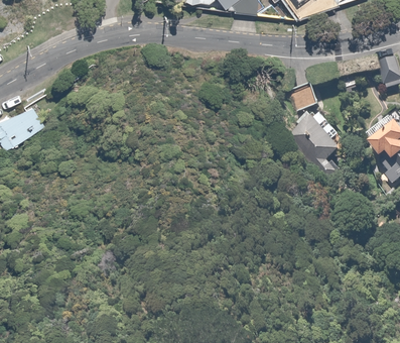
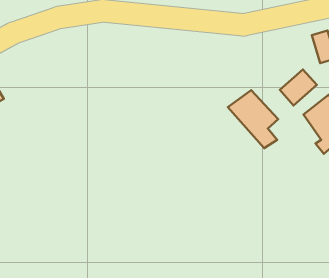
building: [289,86,319,114] -> none
building: none -> [280,69,317,105]

